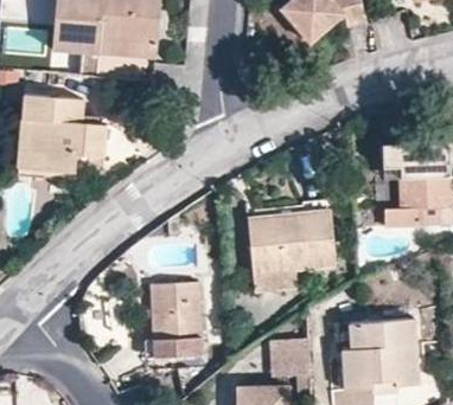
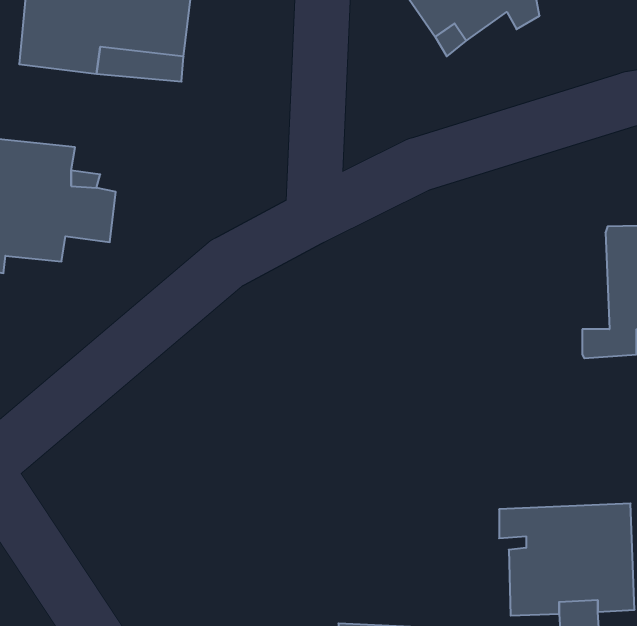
building: [249,212,337,275] -> none
building: [155,287,205,362] -> none
building: [277,336,314,369] -> none

